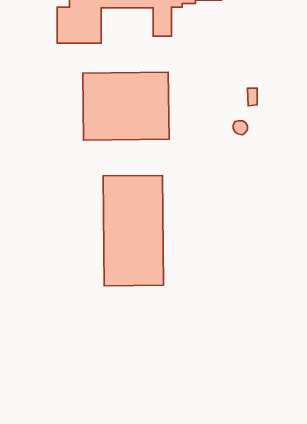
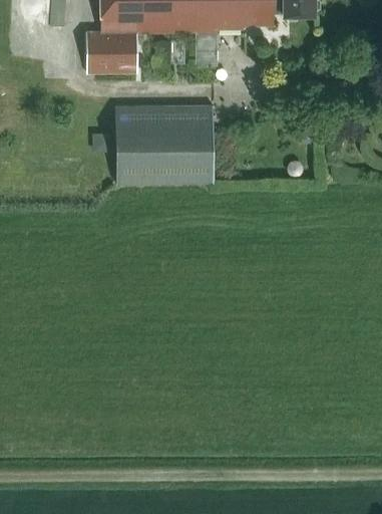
building: [103,175,164,286] -> none

